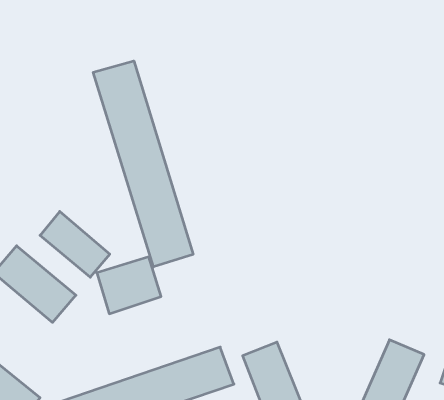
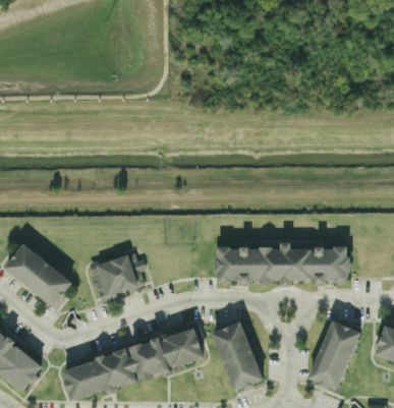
building: [93,61,193,267] -> none
building: [40,211,110,277] -> none
building: none -> [215,249,354,282]

